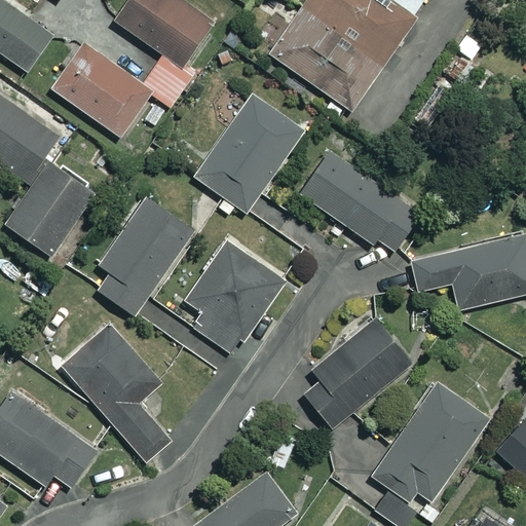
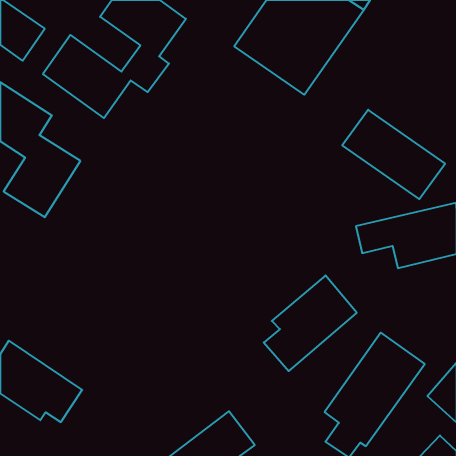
building: [195,95,301,211] -> none
building: [301,152,419,255] -> [342,110,445,199]
building: [88,197,193,313] -> none
building: [188,242,281,352] -> none
building: [62,325,168,459] -> none

